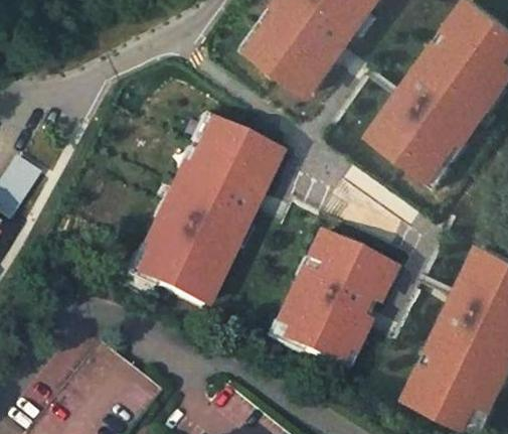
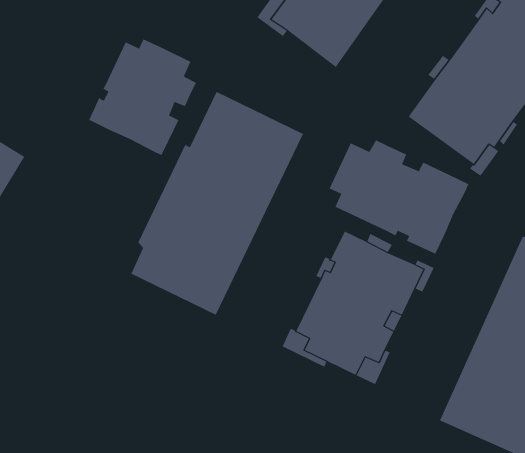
building: none -> [88,39,197,156]
building: none -> [329,139,469,254]

